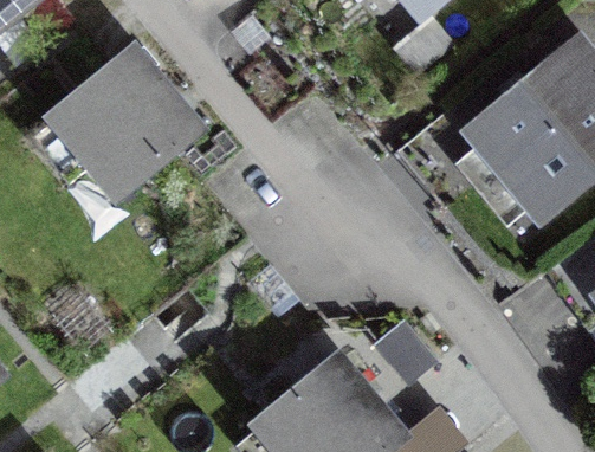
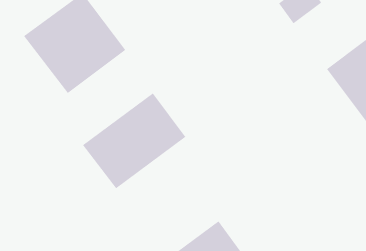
building: none -> [82,93,186,189]

